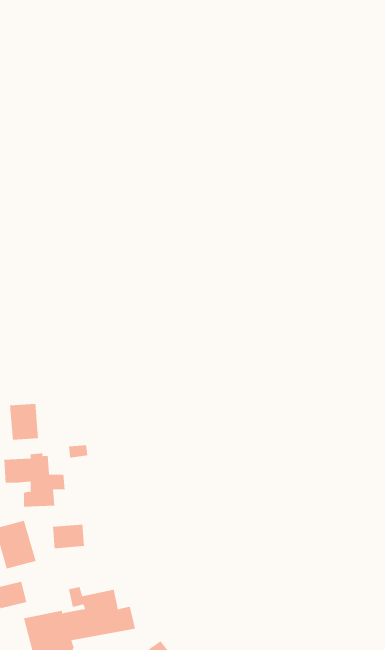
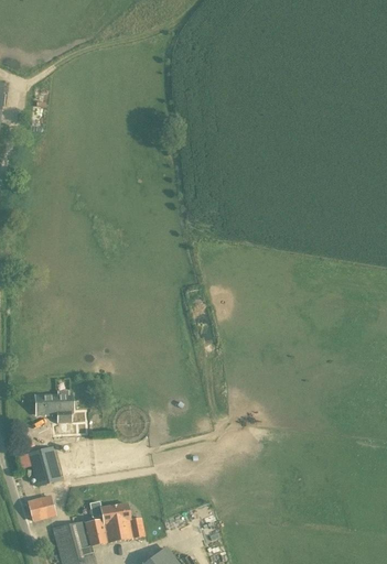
building: [10,403,39,441] -> none
building: [52,524,85,549] -> none

